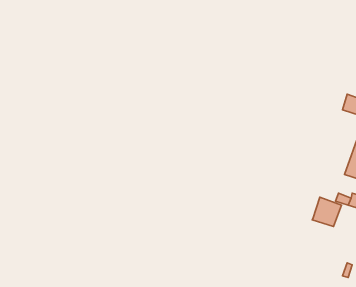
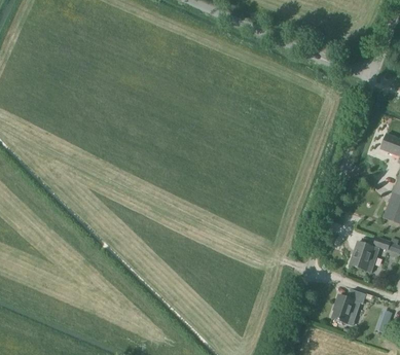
building: none -> [331,290,366,324]

